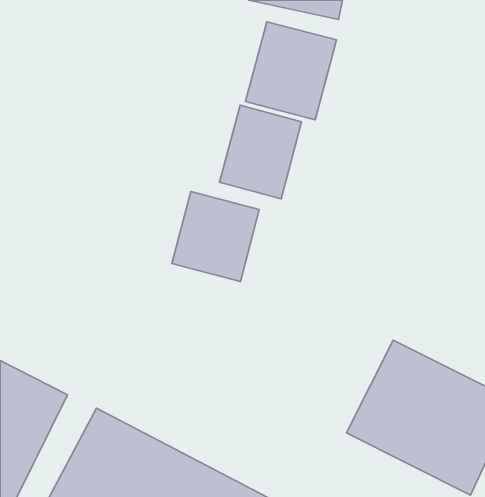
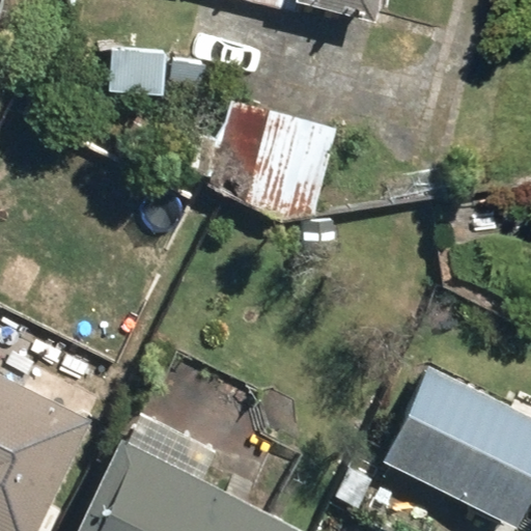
building: [246,22,336,120] -> none
building: [172,191,259,282] -> none

